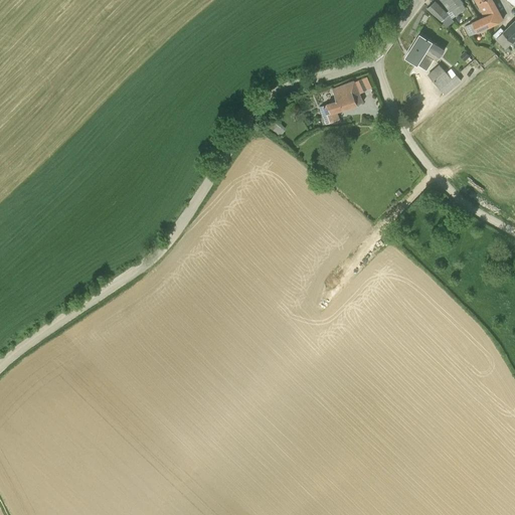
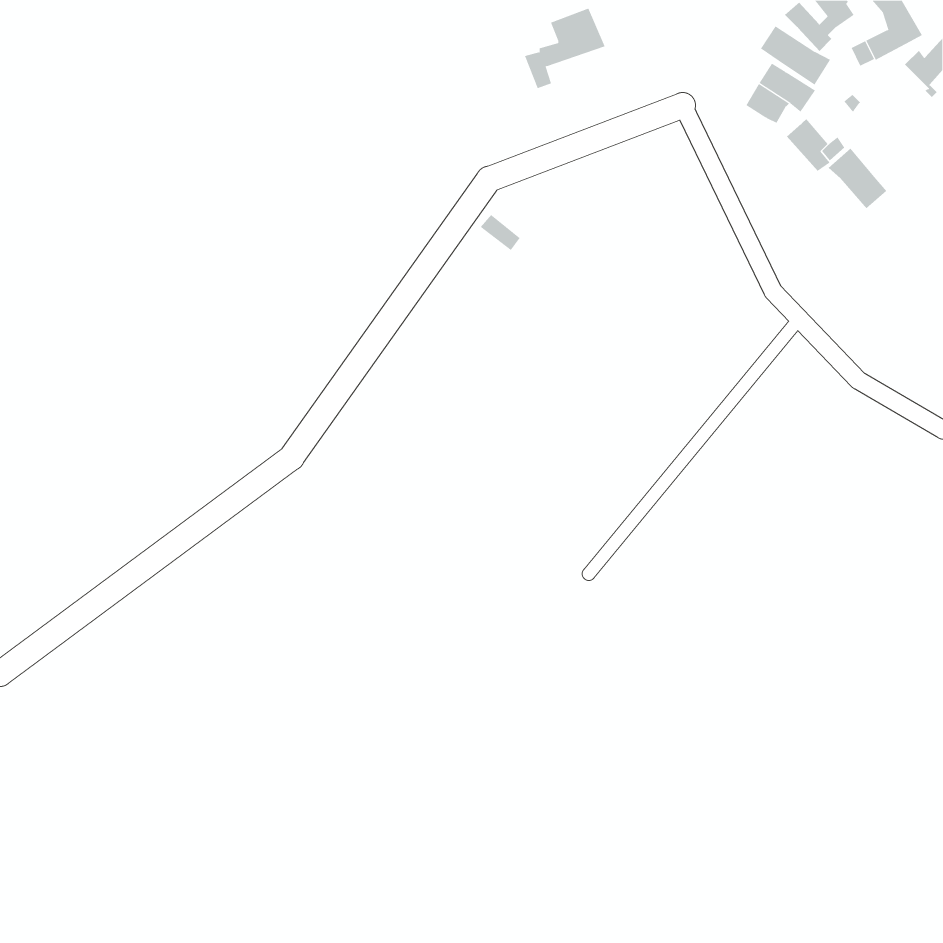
building: none -> [760,26,831,85]
building: [319,80,363,125] -> [524,8,605,89]
building: none -> [828,148,887,209]

